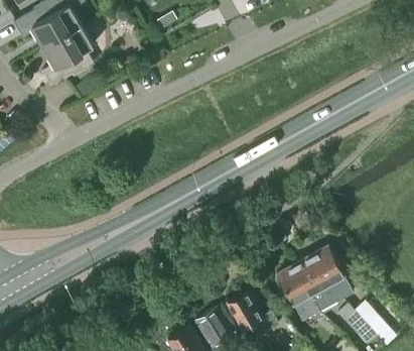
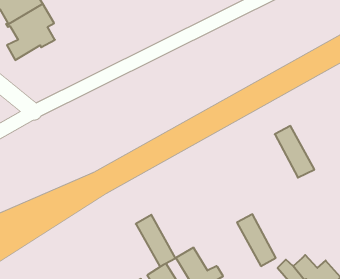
building: [309,246,353,303] -> [275,126,314,178]
building: [275,264,318,321] -> [136,215,175,266]

